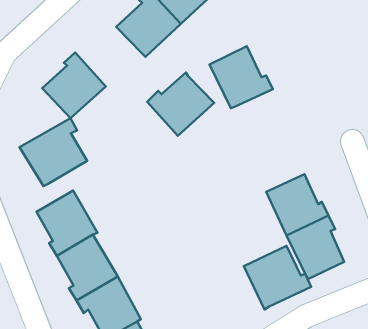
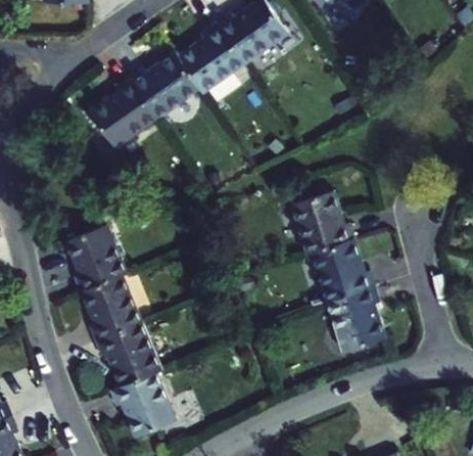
building: [210,46,273,108] -> [290,192,353,256]
building: [147,73,214,136] -> [129,55,199,121]
building: [19,118,87,186] -> none
building: [244,246,311,310] -> none

